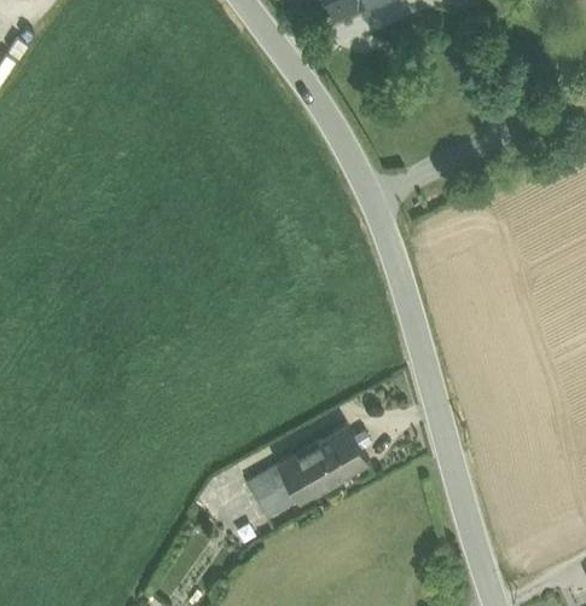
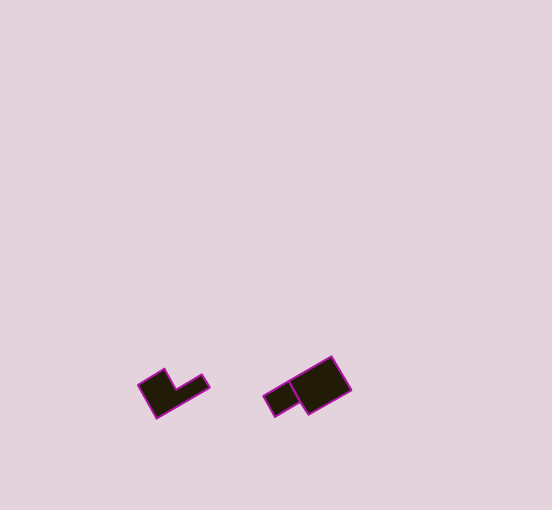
building: [248,467,323,519] -> [138,369,210,419]

